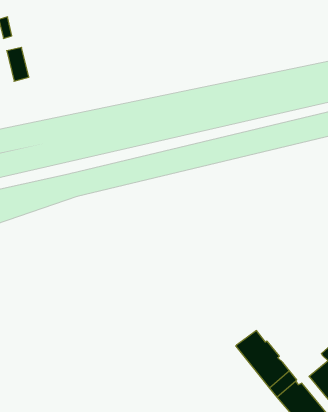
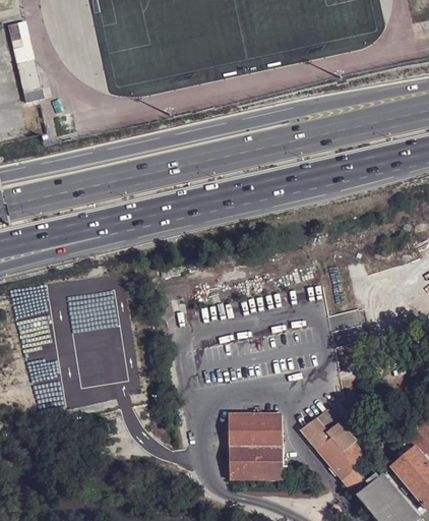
building: none -> [228,415,283,479]

